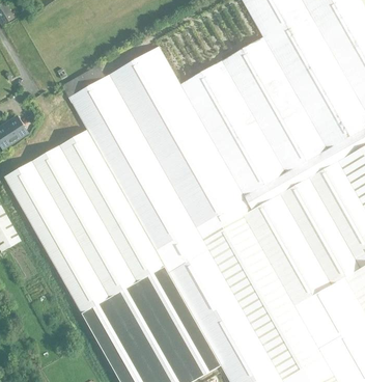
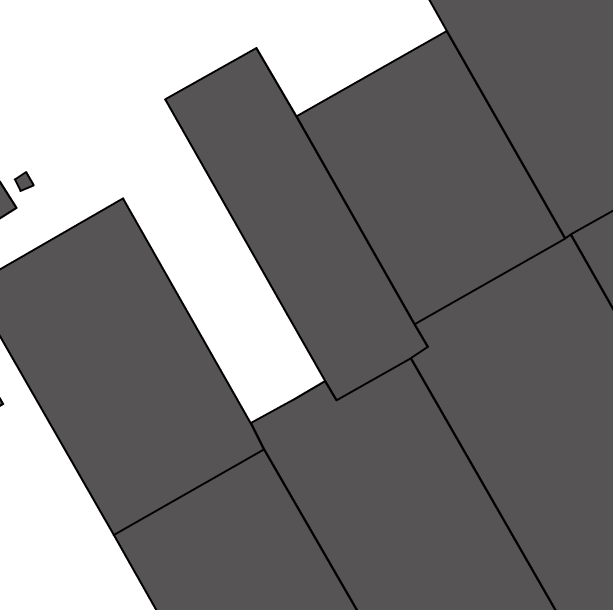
building: [68,75,196,251] -> none

